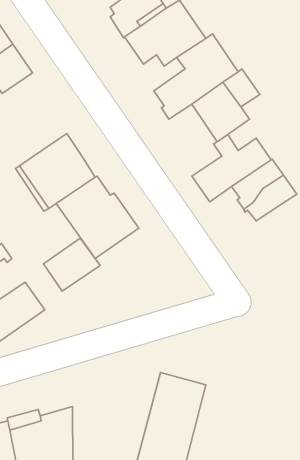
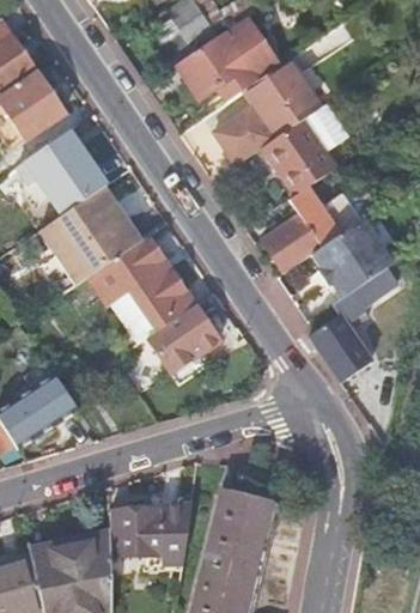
building: none -> [25,128,110,216]
building: none -> [311,275,385,380]
building: [43,238,100,291] -> [148,306,220,374]
building: none -> [111,504,191,564]

